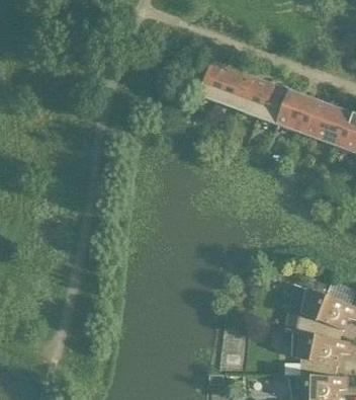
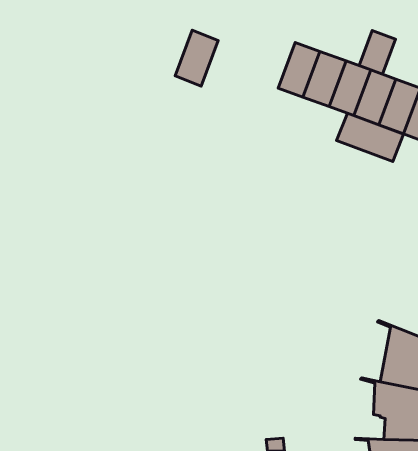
building: none -> [359,31,395,74]
building: [198,59,232,102] -> [175,30,218,86]
building: none -> [337,113,404,161]

